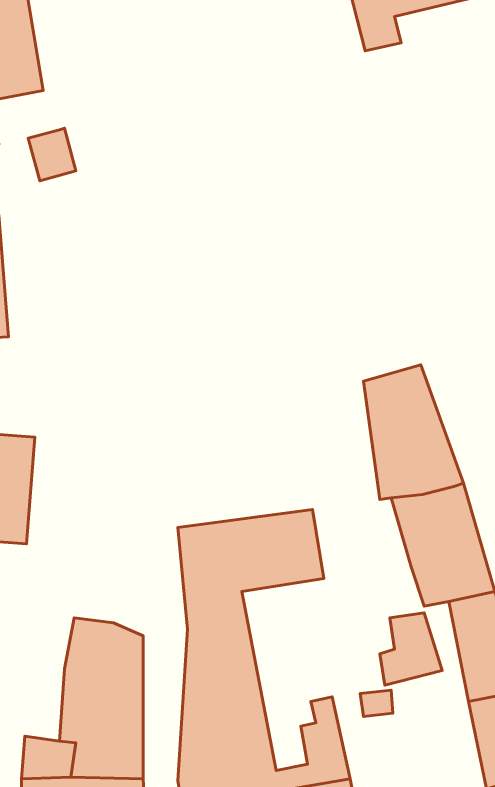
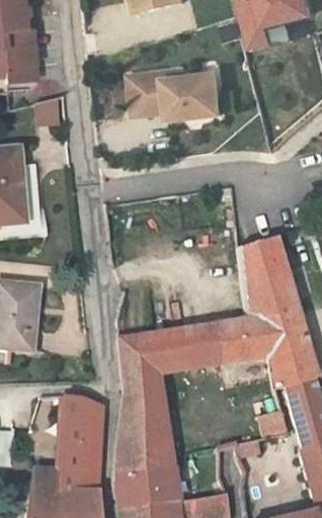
building: none -> [130,70,222,117]
building: none -> [207,321,267,370]

